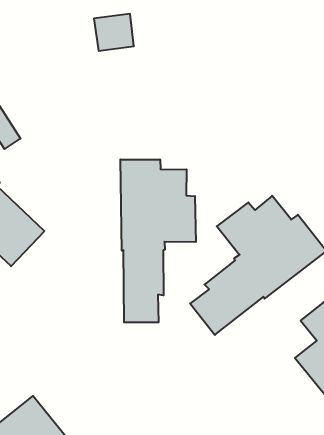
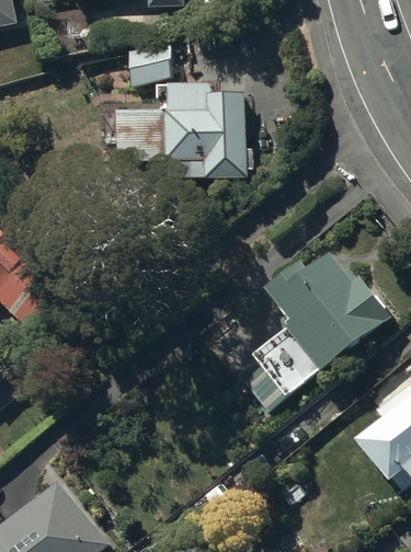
building: none -> [100,83,250,177]
building: [120,159,196,322] -> none

